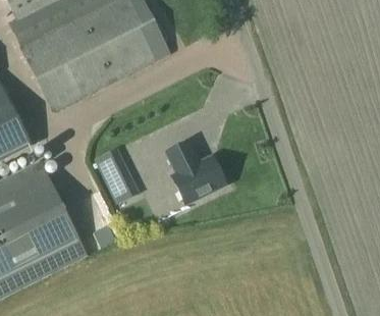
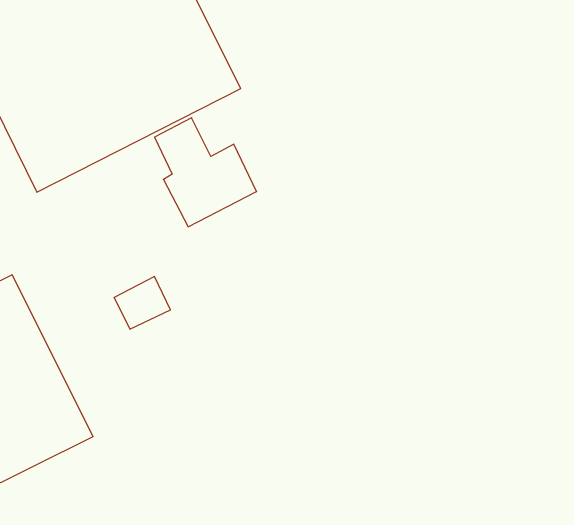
building: [165,141,224,204] -> [155,118,257,227]

